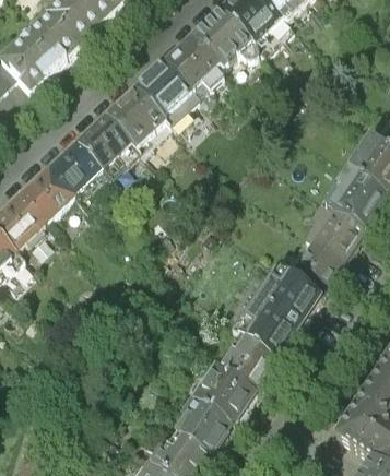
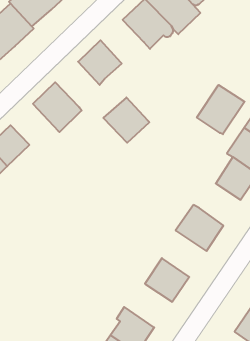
building: [163,36,218,91] -> none
building: [105,90,164,147] -> [103,97,149,143]
building: none -> [197,85,245,134]
building: [48,143,109,205] -> none
building: [289,245,342,298] -> none
building: [237,305,298,362] -> none
building: [193,370,255,428] -> none

